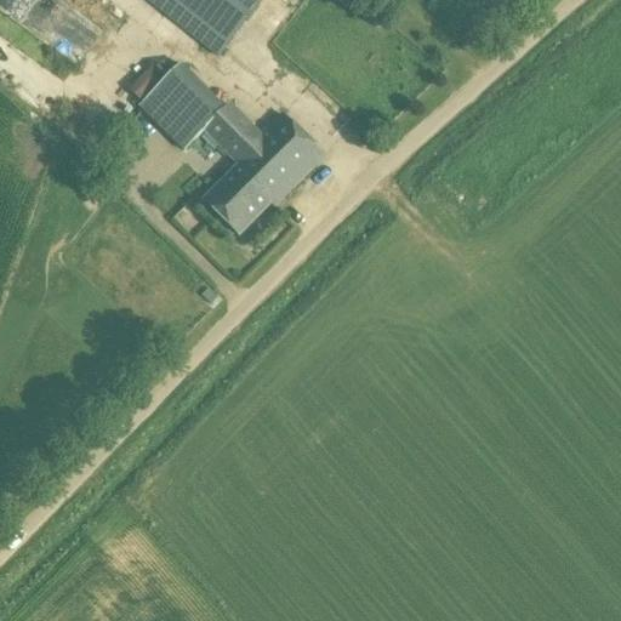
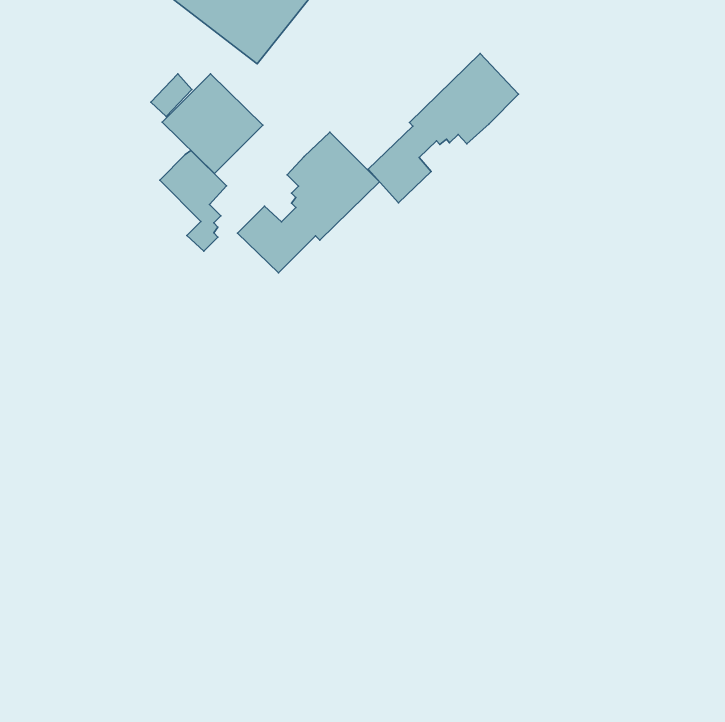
building: none -> [368,54,519,203]
building: [203,103,260,189] -> [160,150,227,251]

